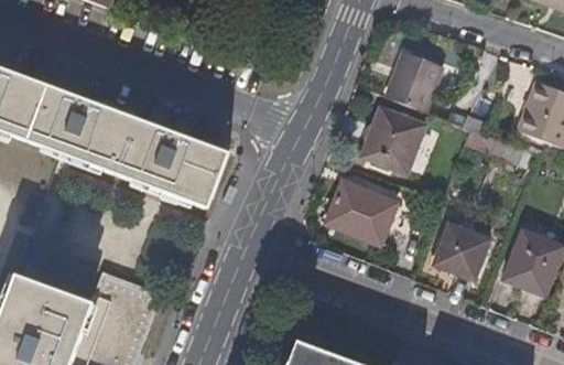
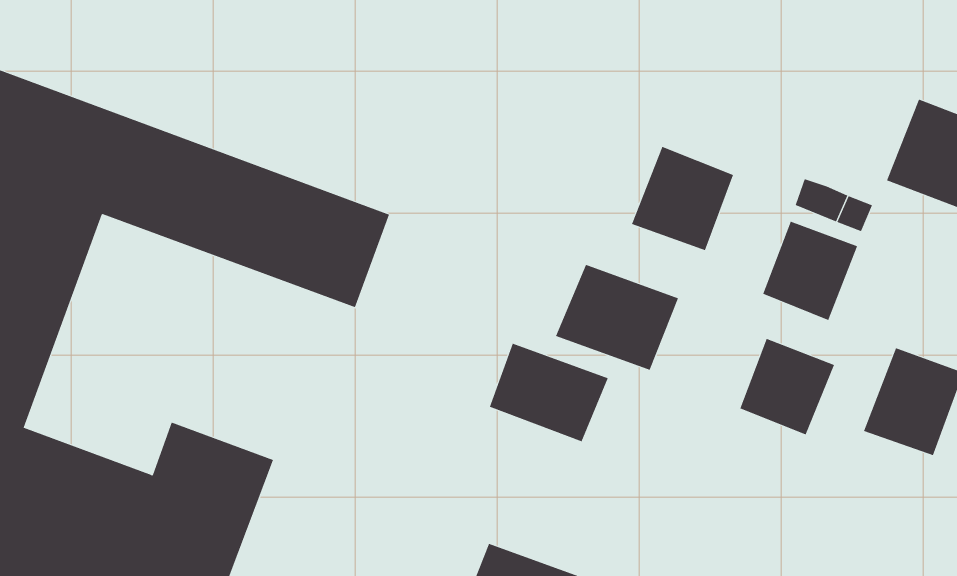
building: [383,55,438,112] -> none
building: none -> [762,221,858,321]
building: none -> [489,343,608,442]

